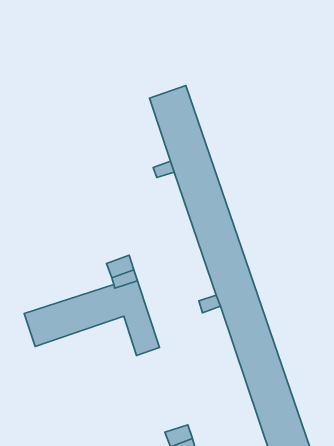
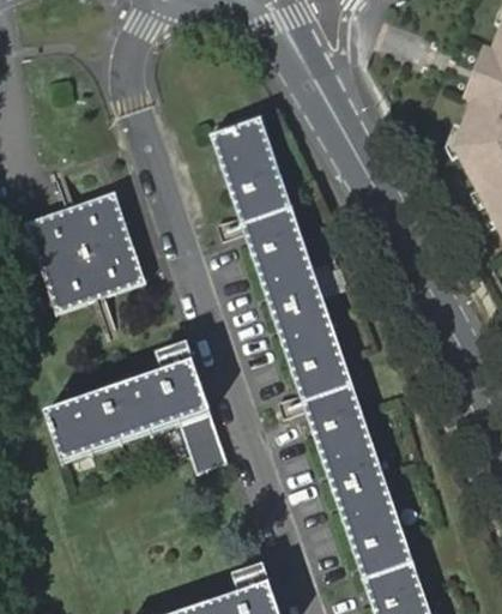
building: none -> [34,198,133,300]

